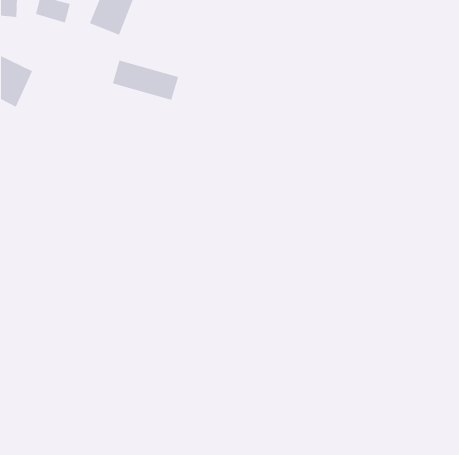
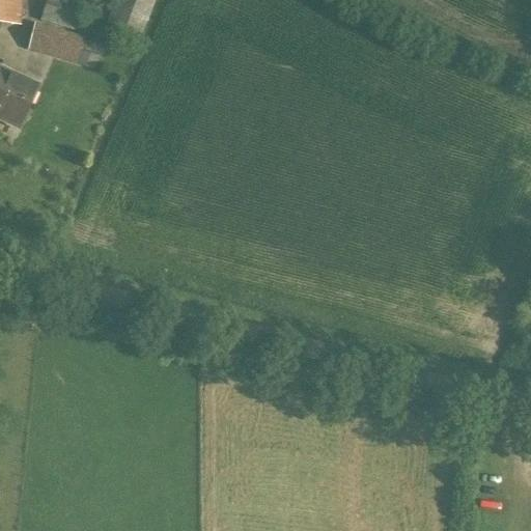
building: [112,60,179,101] -> [27,19,105,66]

